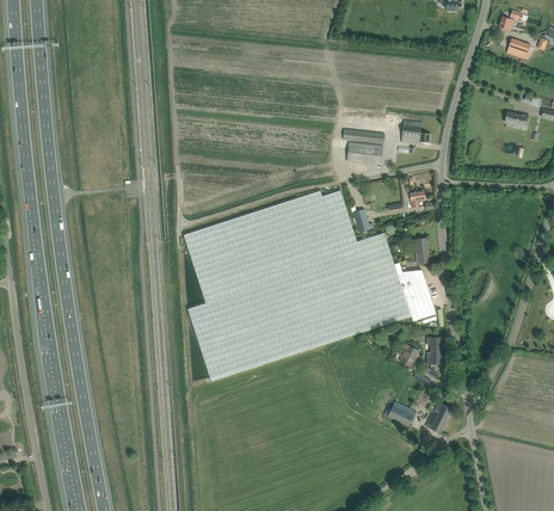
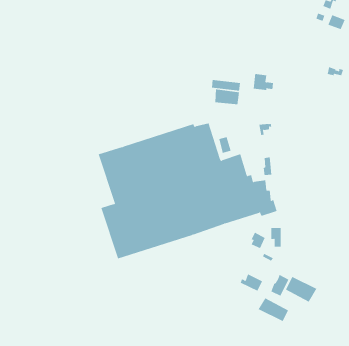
building: none -> [285,276,317,303]
building: none -> [258,298,289,322]

